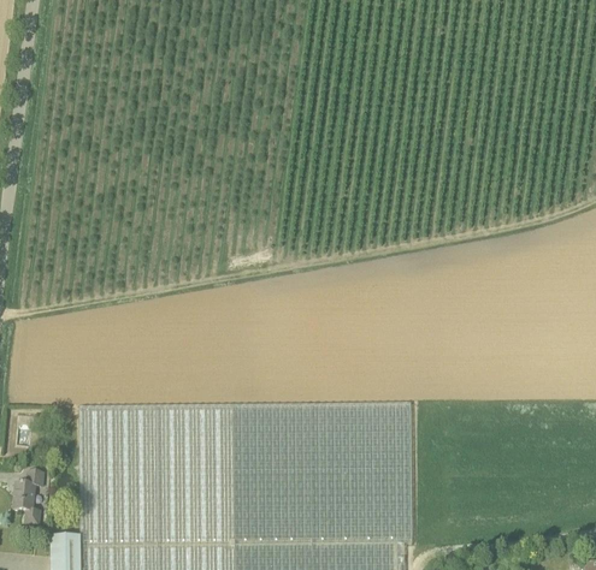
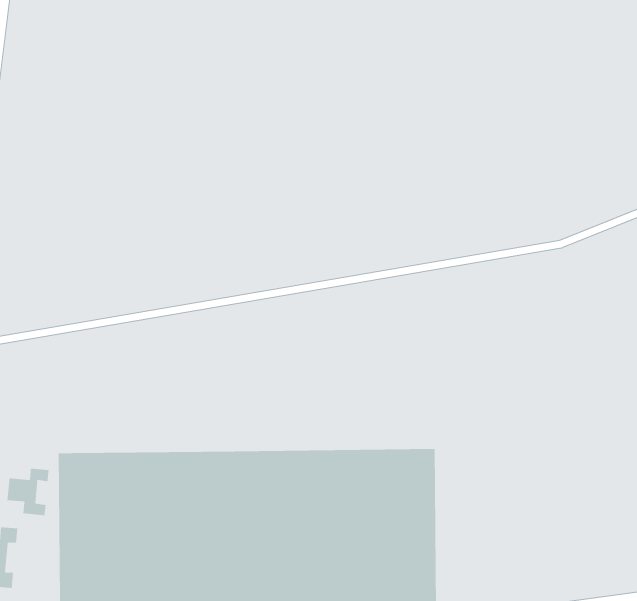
building: none -> [7,468,49,516]

